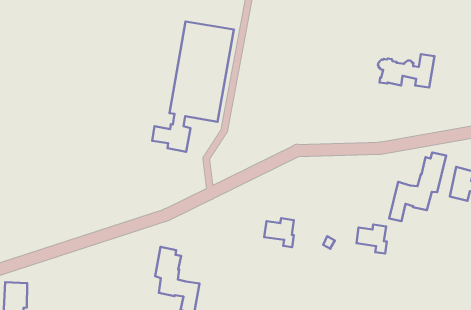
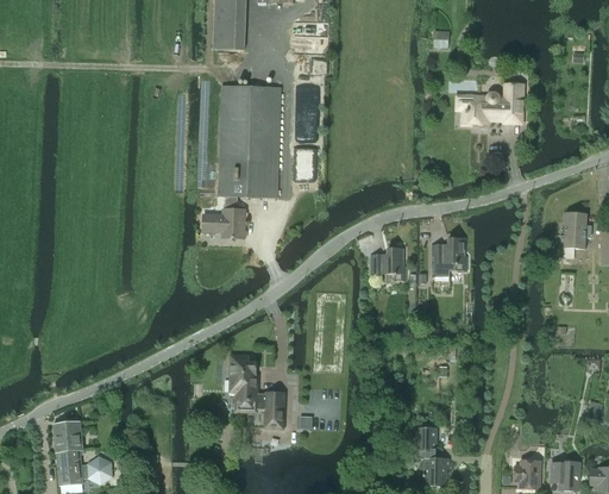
building: [389,153,446,221] -> none
building: [264,218,294,247] -> [371,248,406,280]
building: [356,225,387,253] -> [432,238,467,270]

